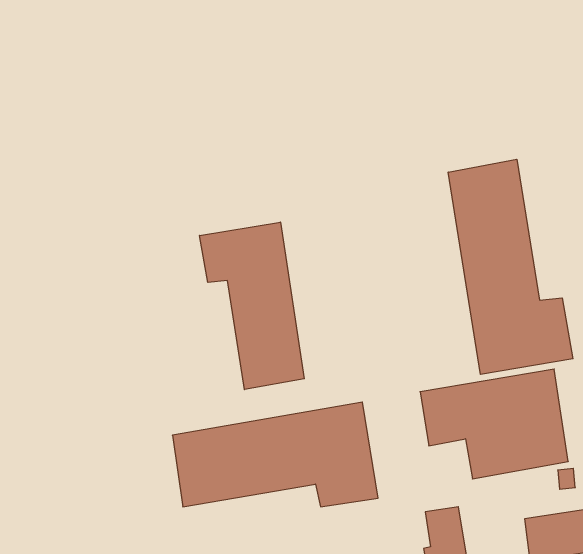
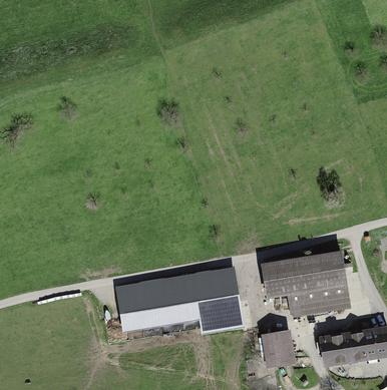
building: [448,159,573,374] -> none
building: [200,222,304,390] -> none

